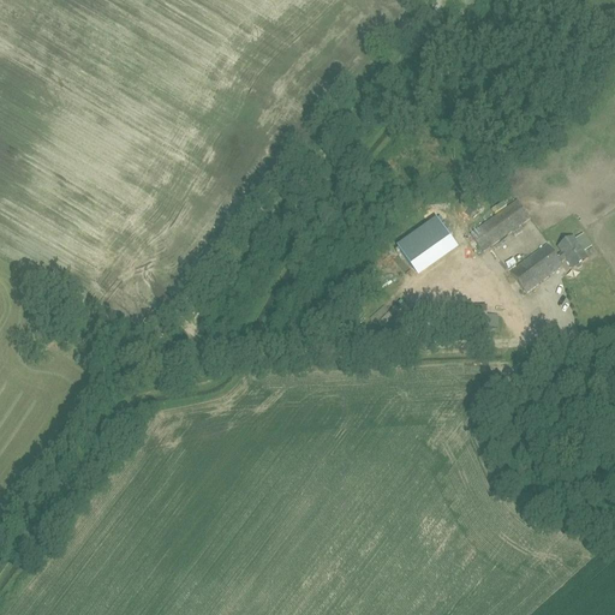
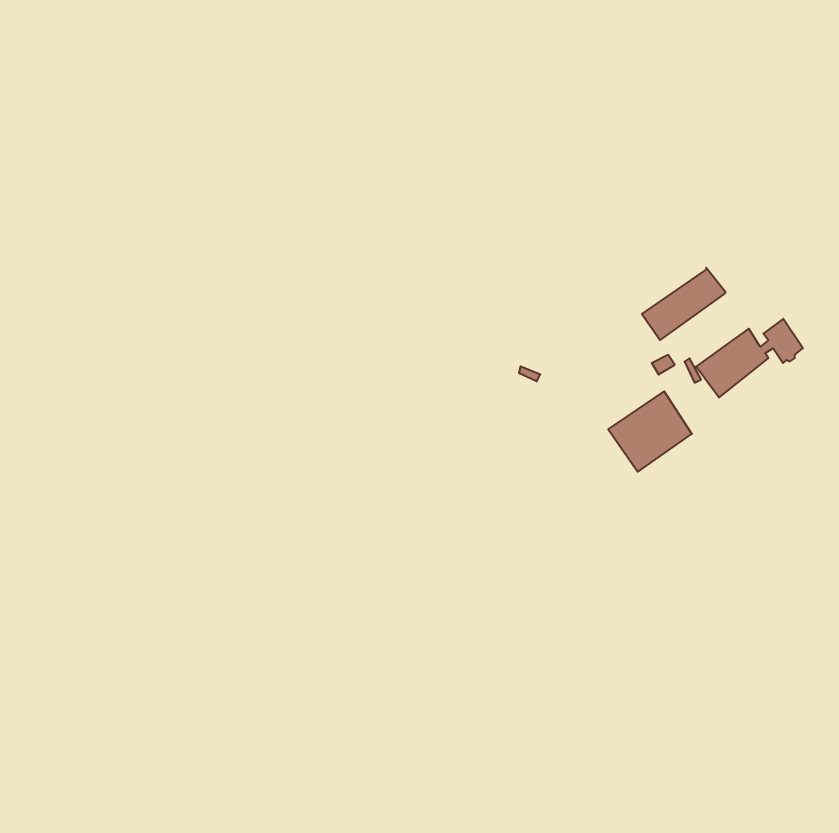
building: [398,217,459,276] -> [608,391,692,472]

